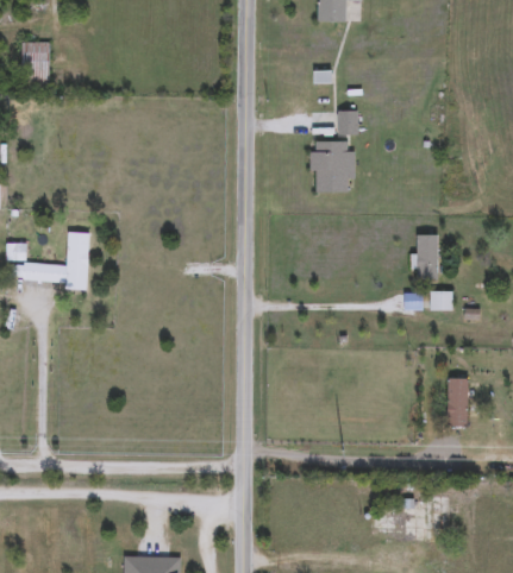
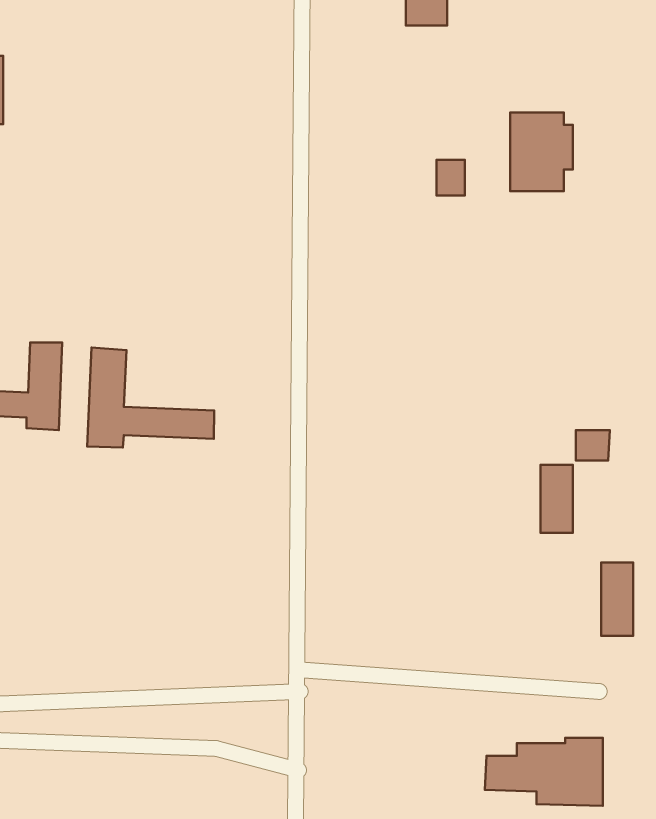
building: [313,140,355,193] -> [510,112,573,191]
building: [418,234,439,279] -> [541,465,573,533]
building: none -> [87,347,214,447]

